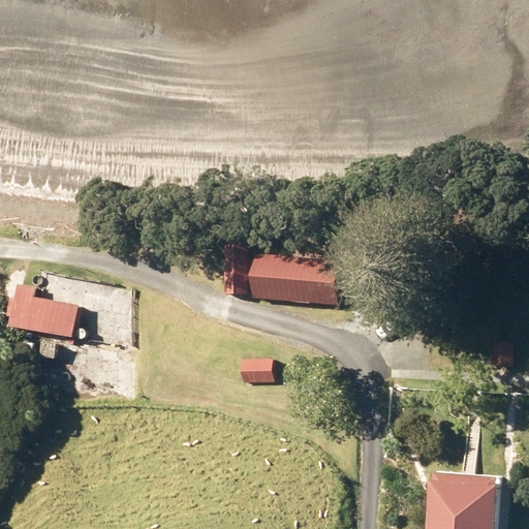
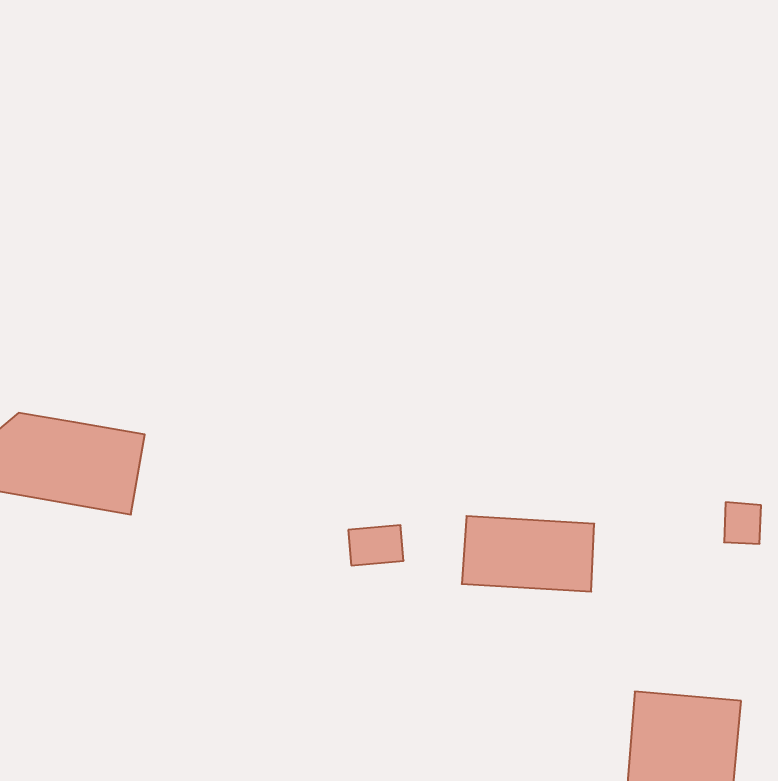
building: [249,257,338,308] -> [462,516,594,592]

